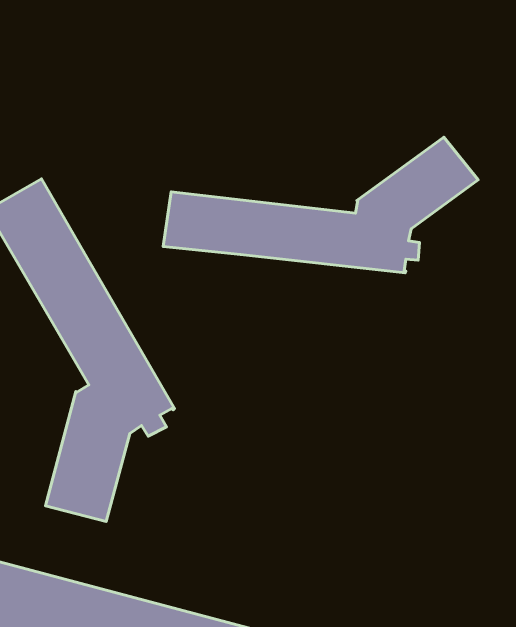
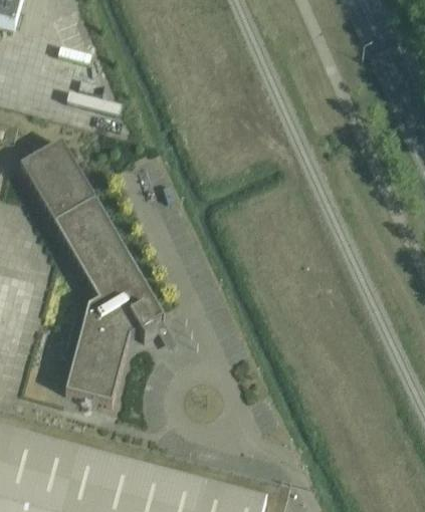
building: [163,137,478,273] -> none

